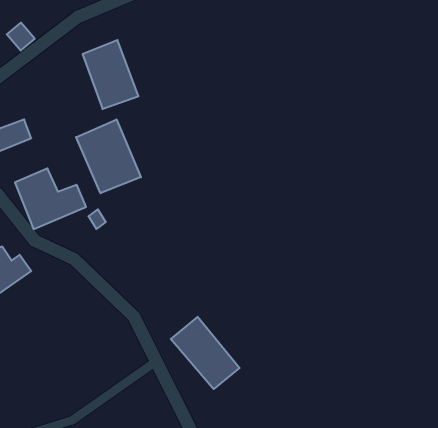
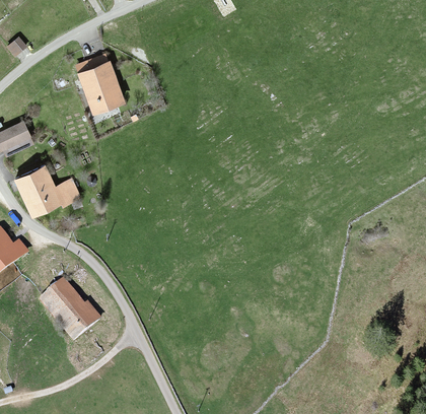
building: [76,119,141,193] -> none
building: [171,317,240,389] -> [40,279,99,342]

